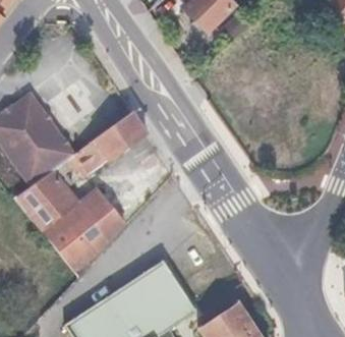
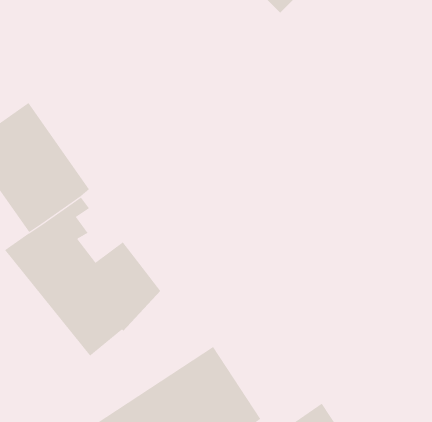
building: [75,113,148,174] -> none

